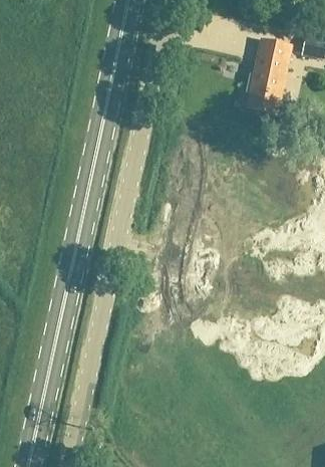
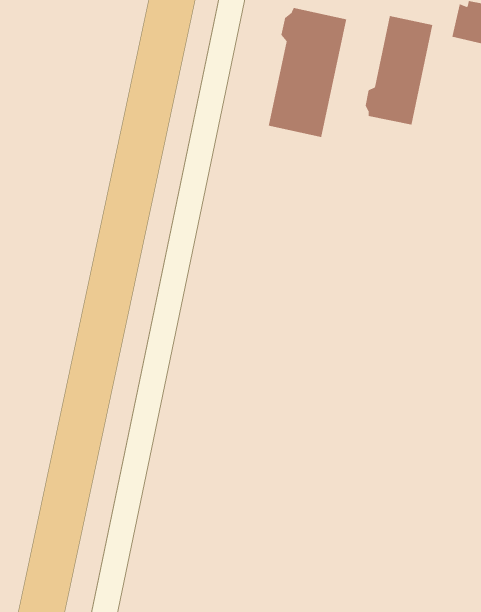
building: none -> [268,7,347,138]

